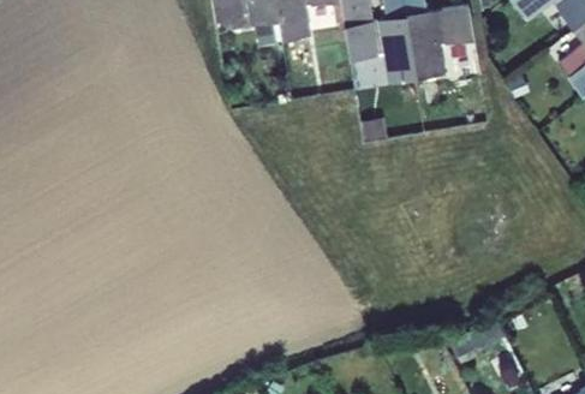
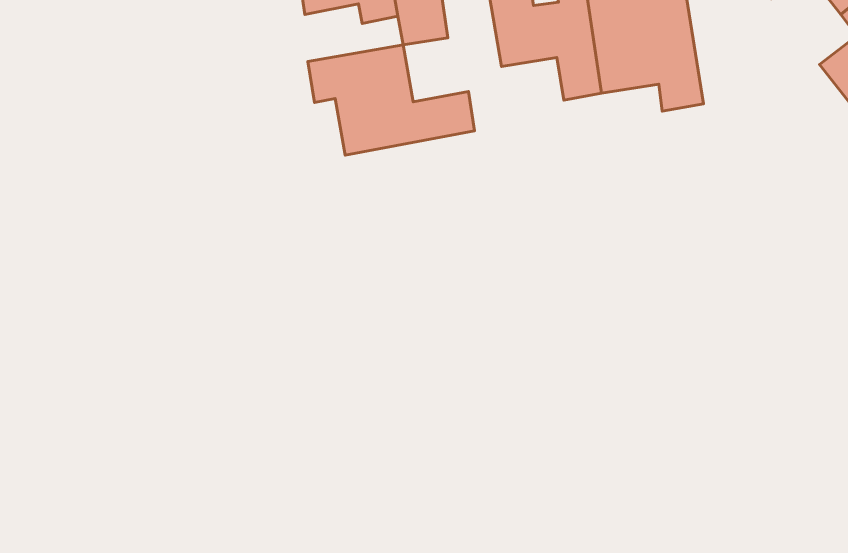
building: none -> [308,45,475,155]

